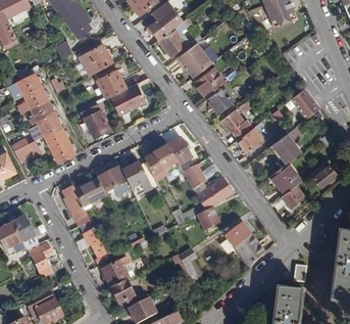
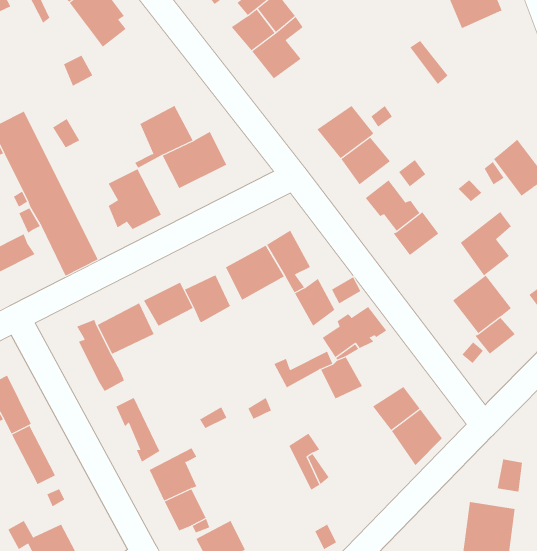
building: [176,42,212,77] -> none
building: [79,43,112,74] -> none

